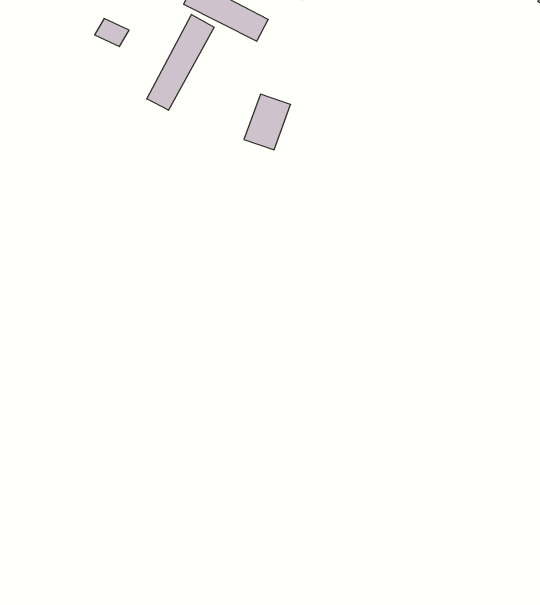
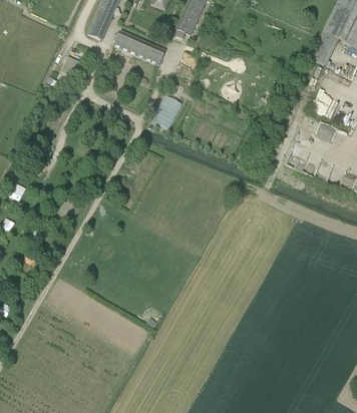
building: [147,14,214,110] -> none

